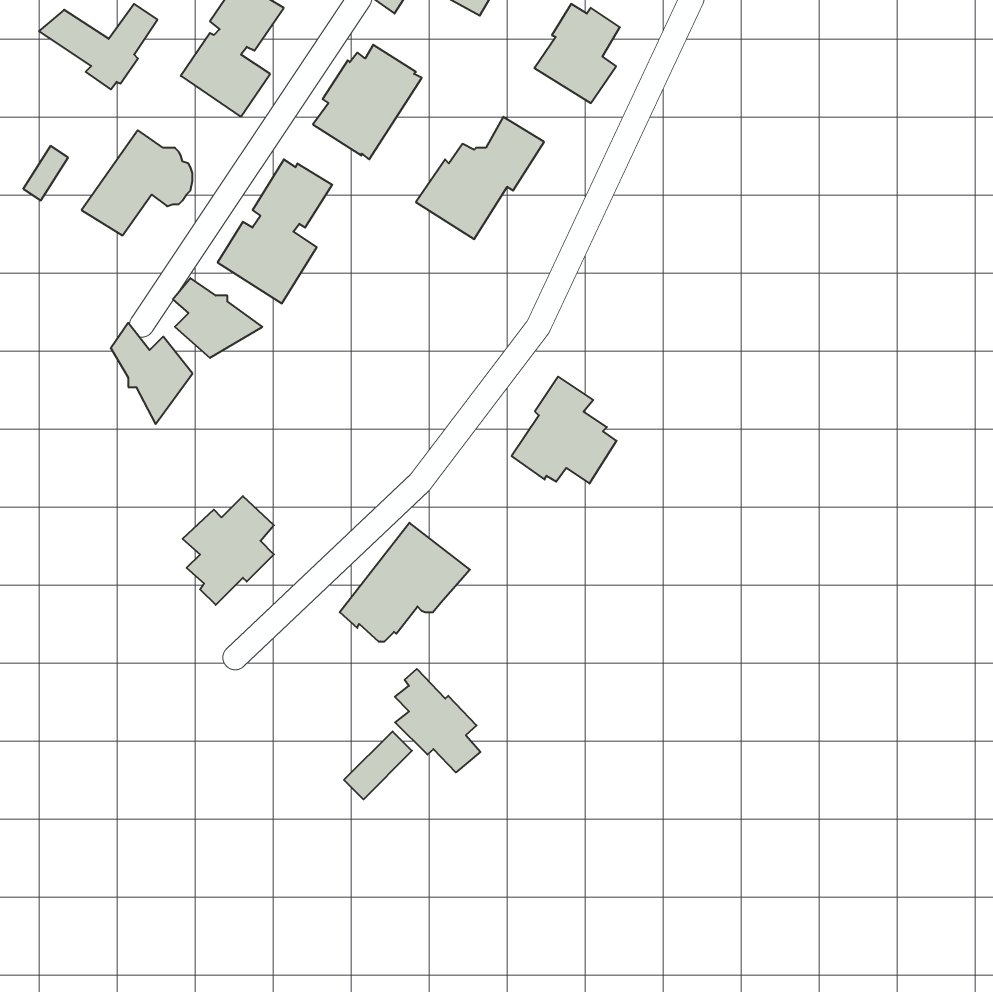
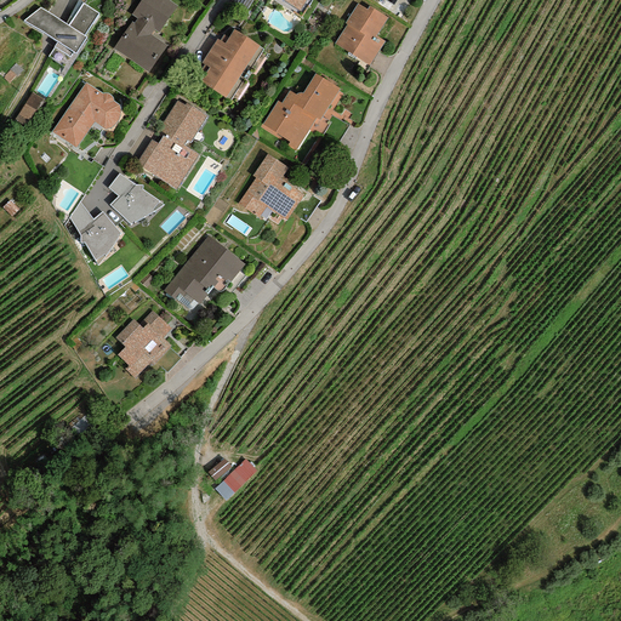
building: [512,377,617,484] -> [238,153,303,220]
building: [340,523,470,641] -> [164,234,245,308]
building: [395,669,480,772] -> none

